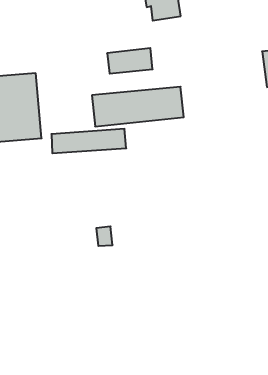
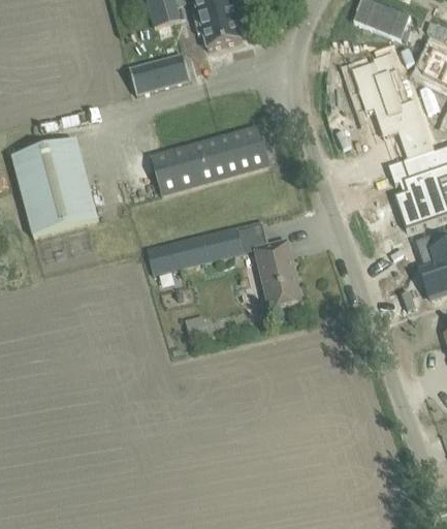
building: [107,48,153,74] -> [130,54,190,94]
building: [51,129,126,153] -> [148,226,244,272]
building: none -> [255,239,302,308]

